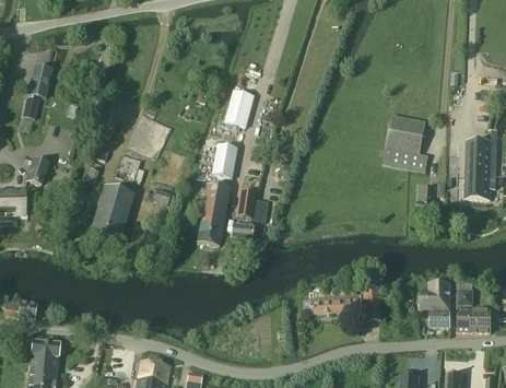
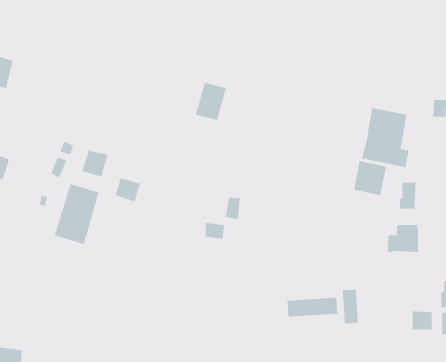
building: [212,143,237,177] -> none
building: none -> [353,160,387,196]
building: [197,183,230,245] -> none
building: [237,190,256,219] -> none
building: [421,281,451,308] -> [387,224,419,253]

